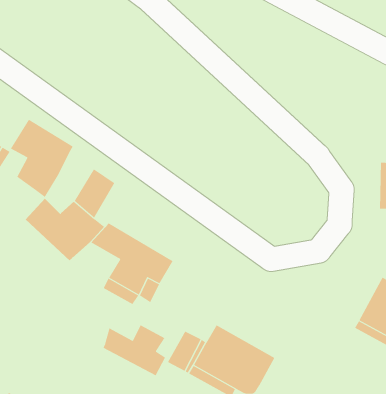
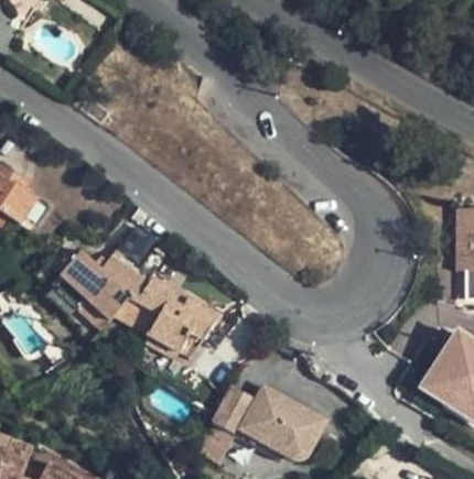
building: [10,119,74,198] -> none
building: none -> [112,296,162,334]
building: [103,324,166,376] -> none

